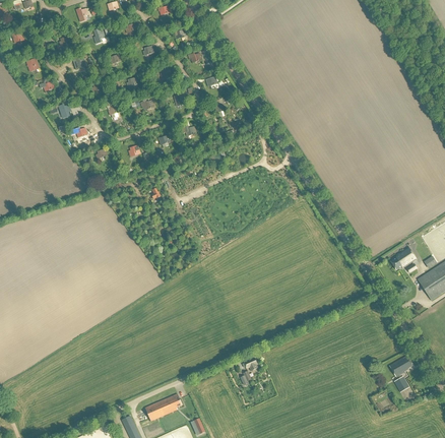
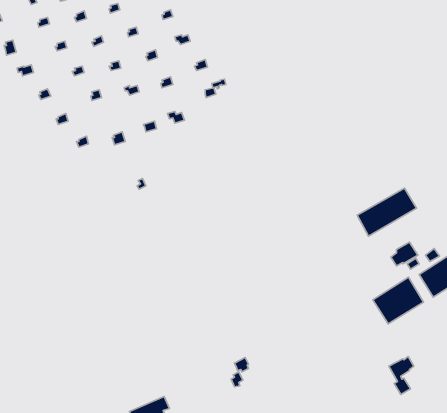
building: none -> [357,188,417,236]
building: none -> [373,277,424,324]

